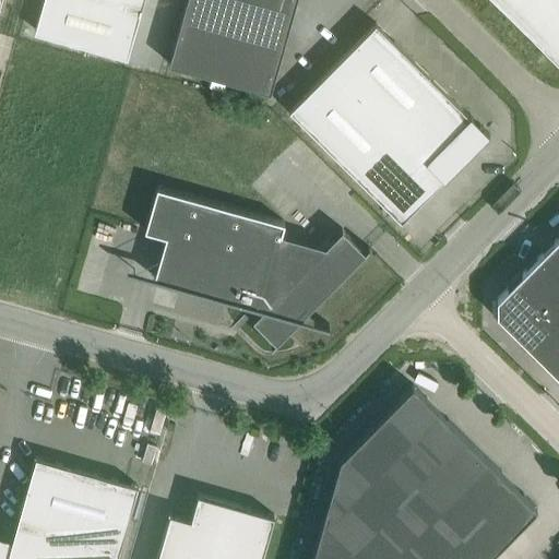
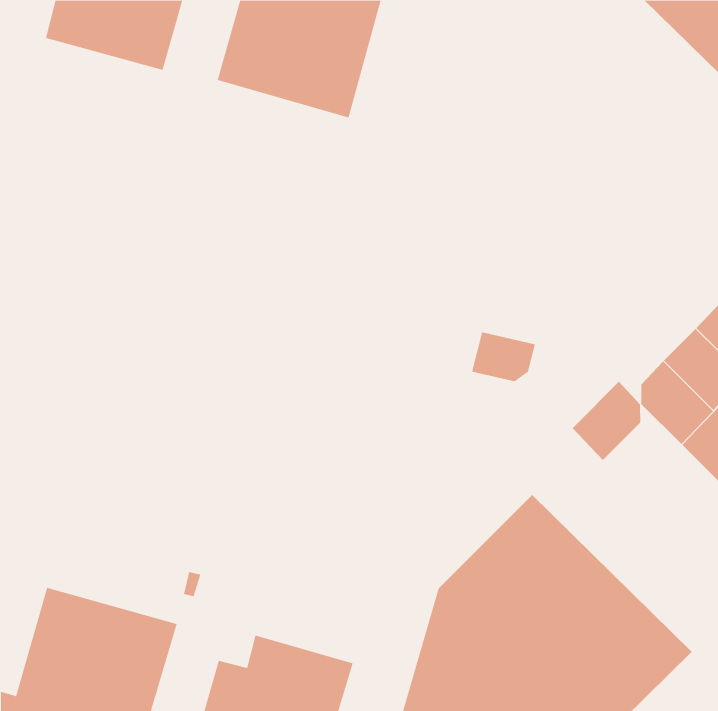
building: [290,28,490,227] -> none
building: [146,191,370,352] -> none
building: none -> [472,331,535,382]
building: none -> [572,381,641,461]

